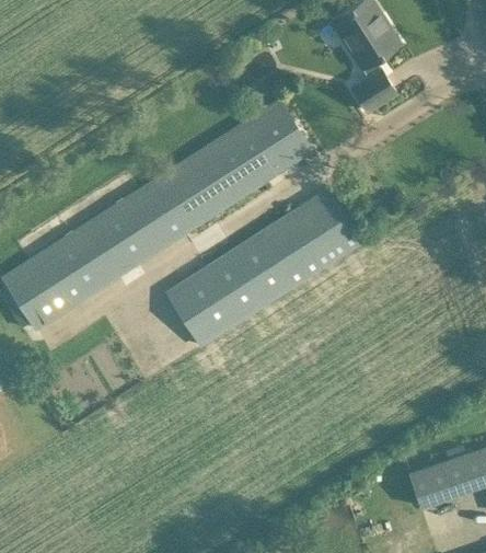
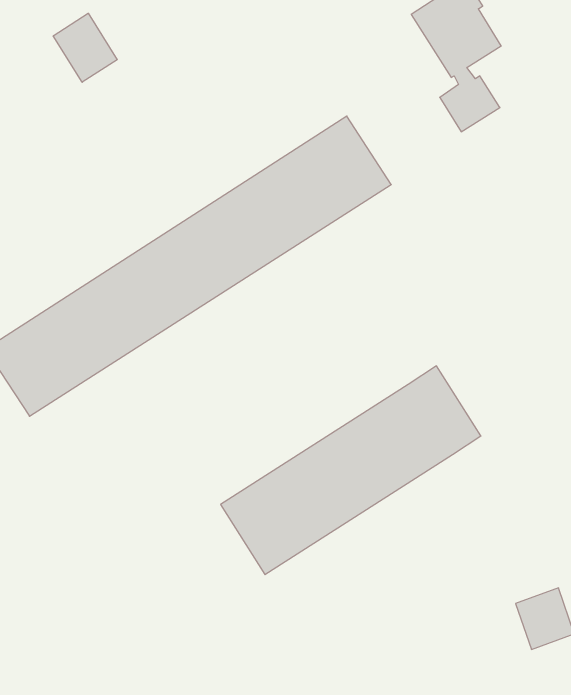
building: none -> [53,13,117,82]
building: [166,186,366,346] -> [221,366,481,575]

